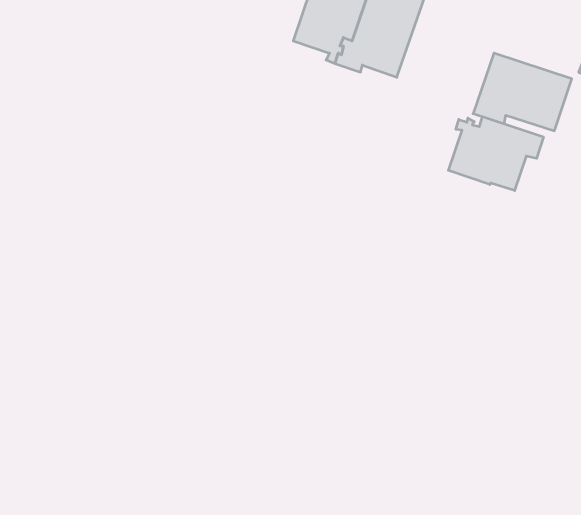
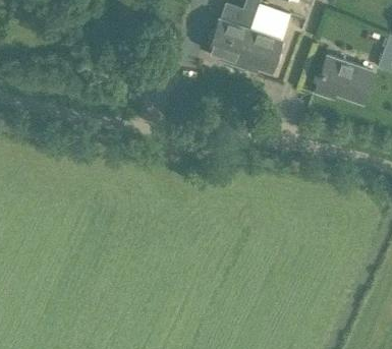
building: [448,117,543,191] -> none

